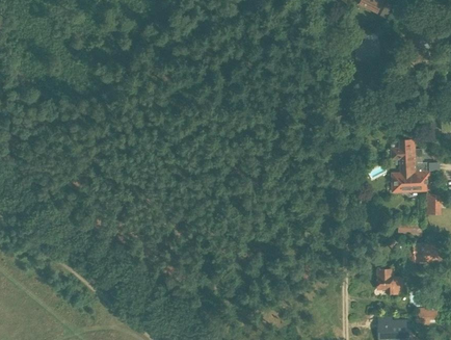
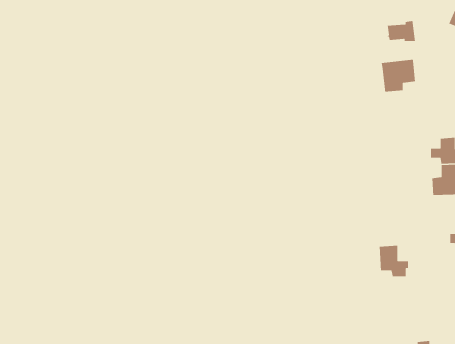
building: none -> [381,59,416,93]
building: [376,267,402,295] -> [379,245,409,277]

